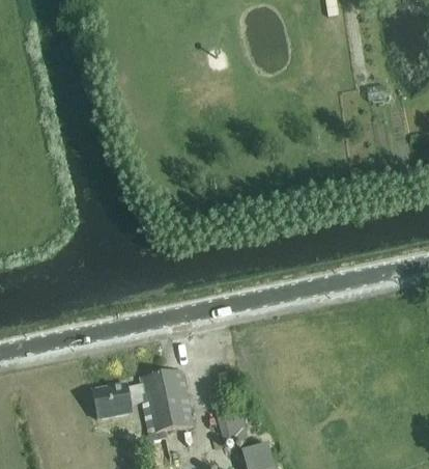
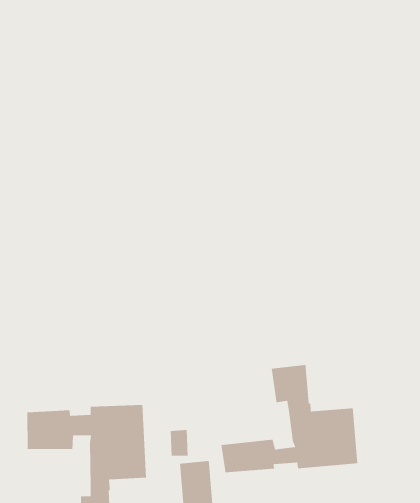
building: none -> [221,364,358,473]

